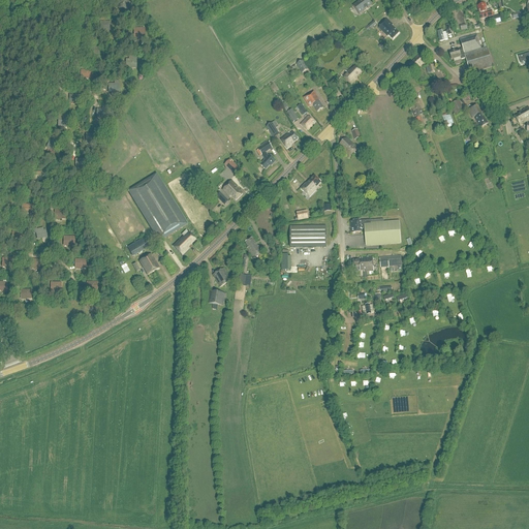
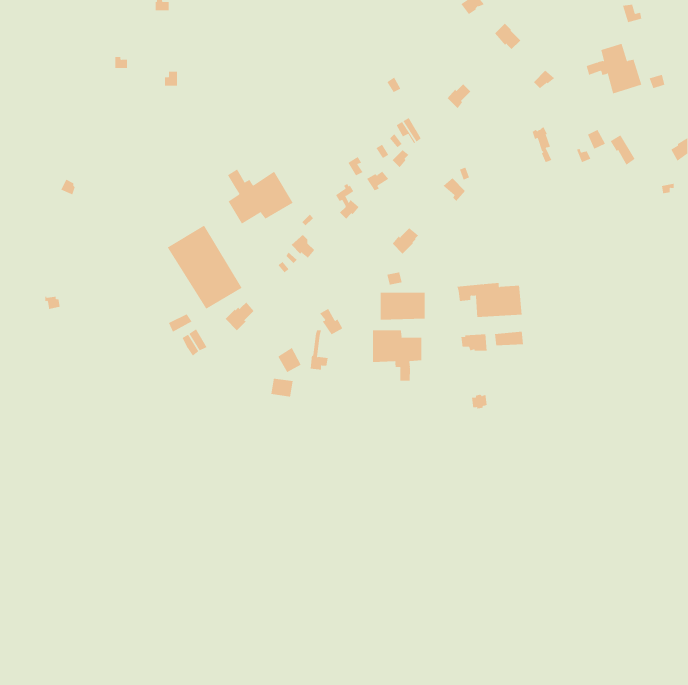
building: none -> [227,168,293,225]
building: none -> [373,330,422,382]

